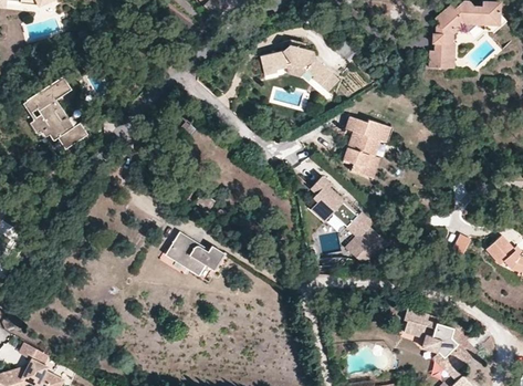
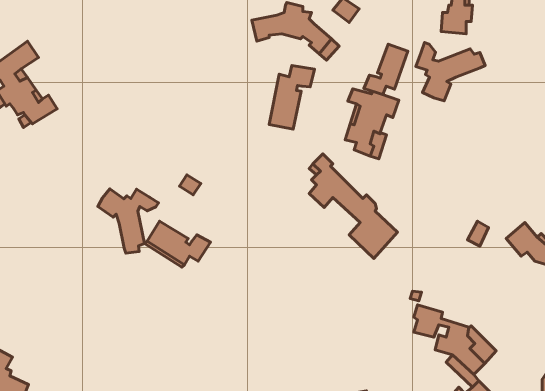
building: none -> [416,42,485,101]
building: none -> [364,44,408,95]
building: none -> [269,65,315,129]
building: none -> [98,189,159,253]

